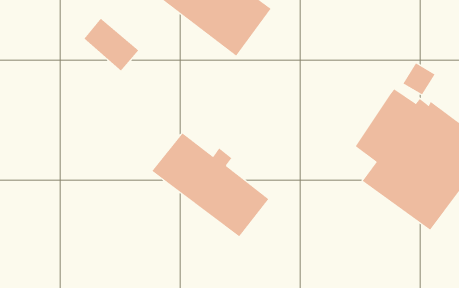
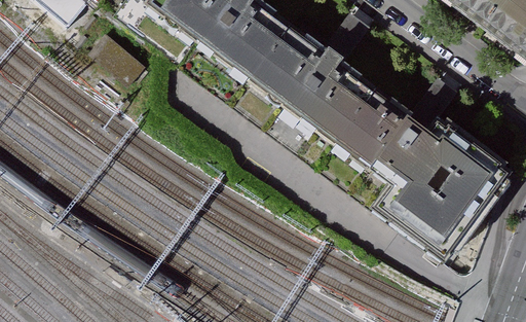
building: none -> [249,26,406,168]
building: [152,132,269,237] -> none

